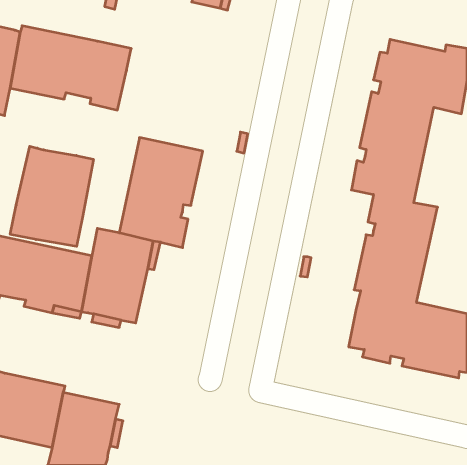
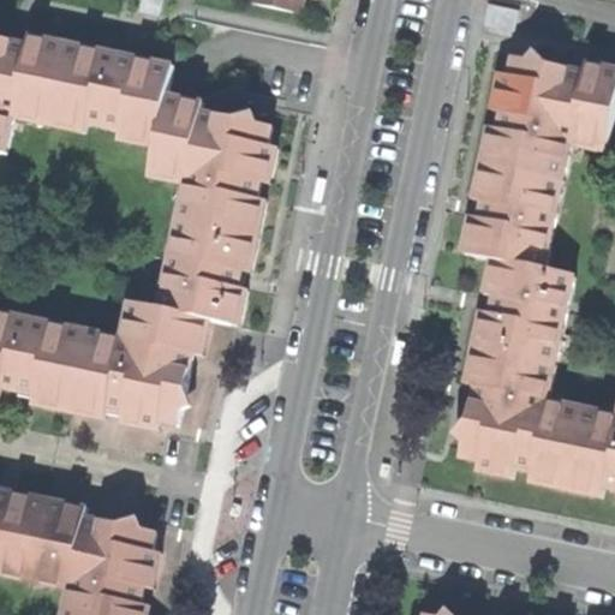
building: none -> [148,92,275,196]
building: [10,146,93,246] -> none

